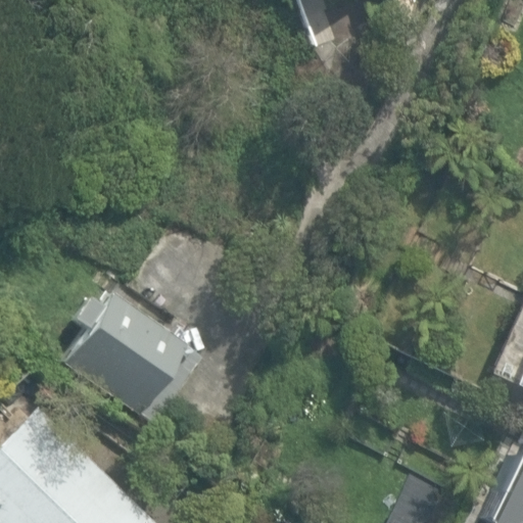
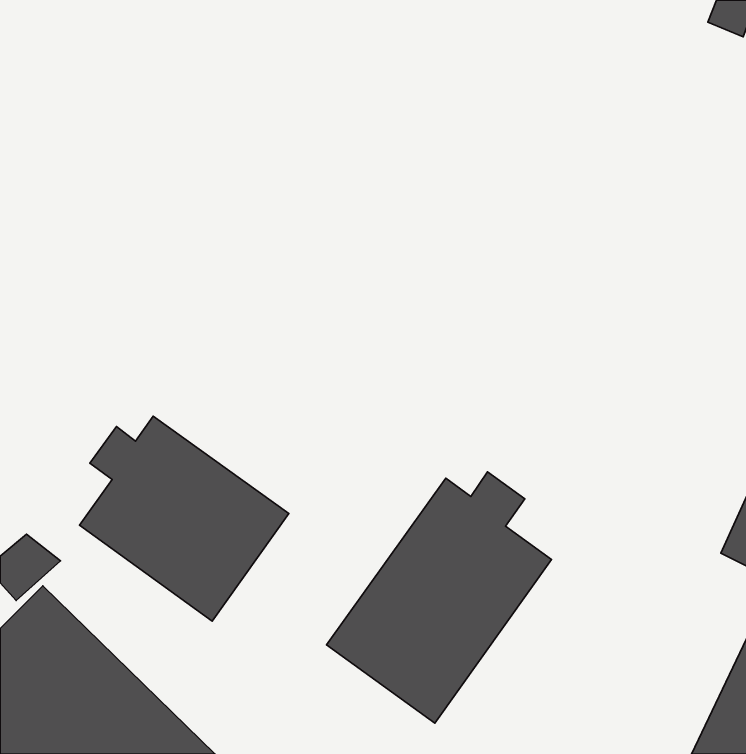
building: none -> [327,472,552,723]

